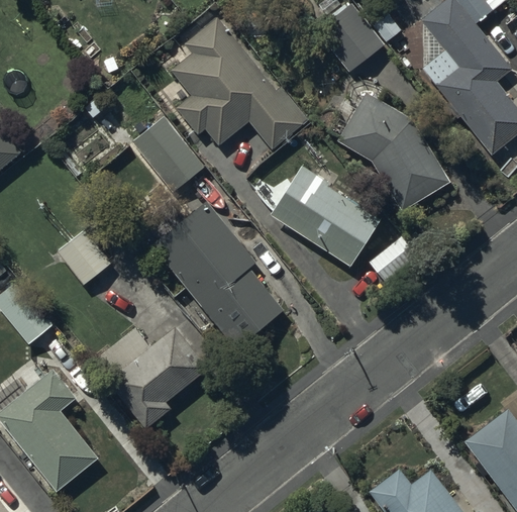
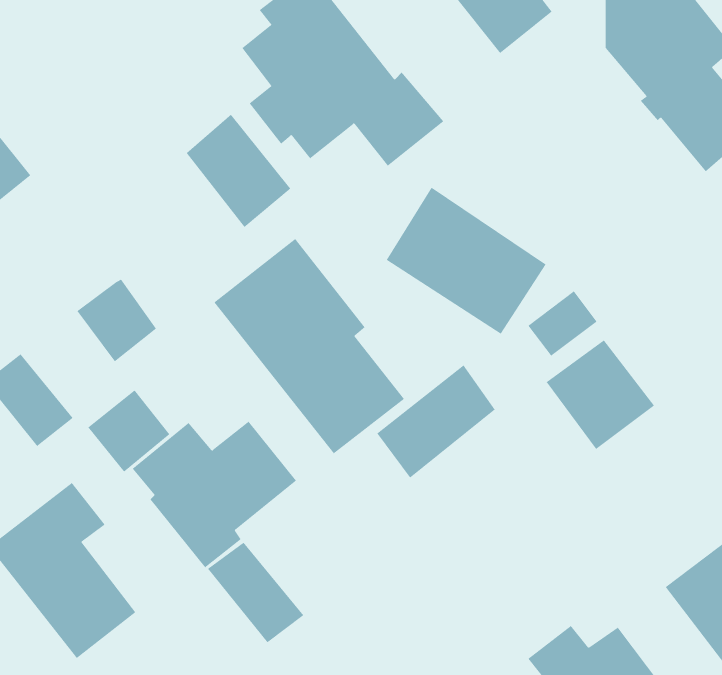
building: [337,92,451,211] -> none
building: none -> [546,339,655,450]
building: none -> [377,365,496,479]
building: none -> [87,389,170,473]
building: none -> [207,542,304,643]

